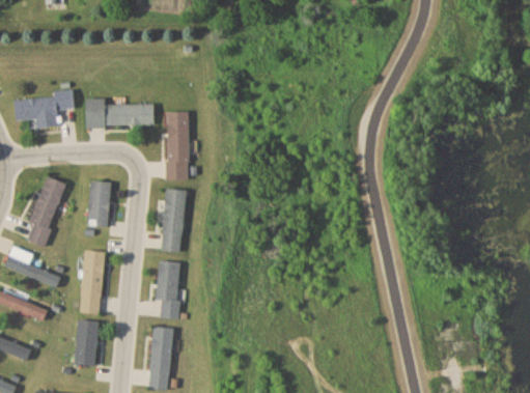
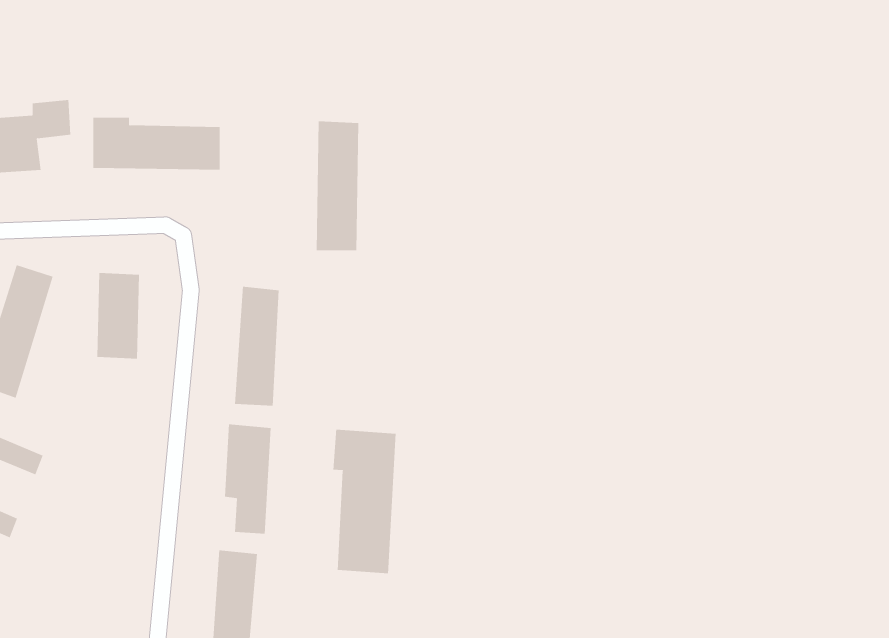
building: [166,111,189,179] -> [316,121,359,251]
building: [80,250,106,314] -> none
building: none -> [333,429,396,574]
building: [76,320,97,366] -> none

